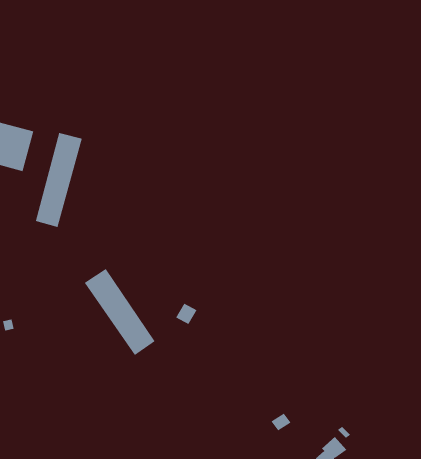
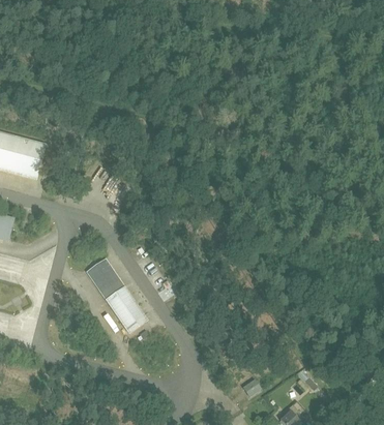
building: [35,132,82,228] -> none

